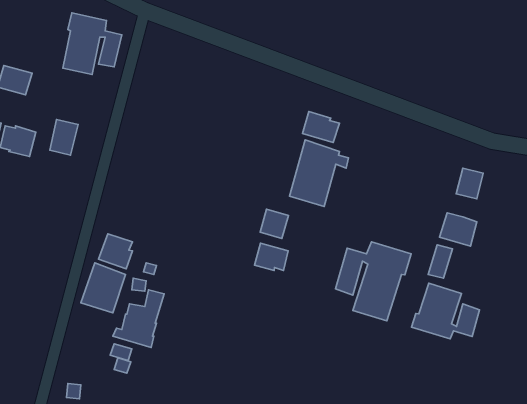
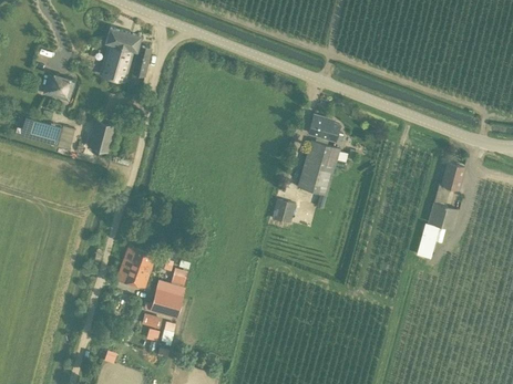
building: [99,234,132,269] -> none
building: [336,242,411,321] -> none
building: [254,243,288,271] -> none
building: [412,283,480,339] -> none

